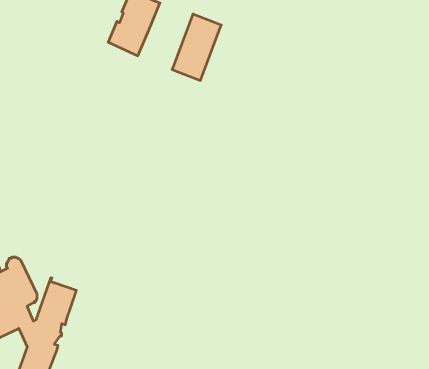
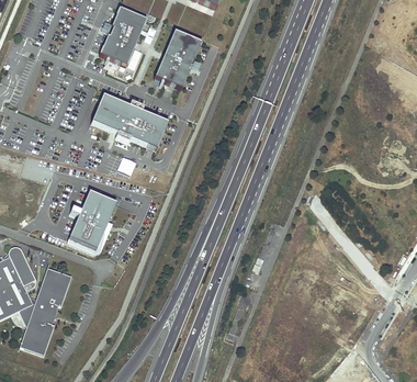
building: none -> [91,95,167,148]
building: none -> [67,191,115,252]

